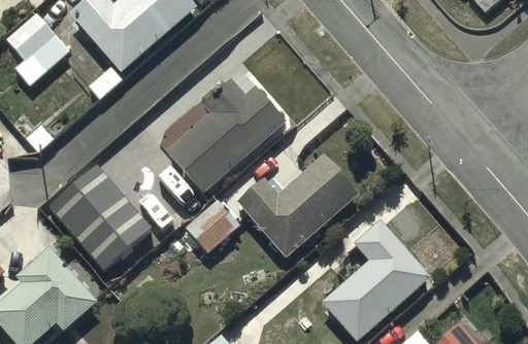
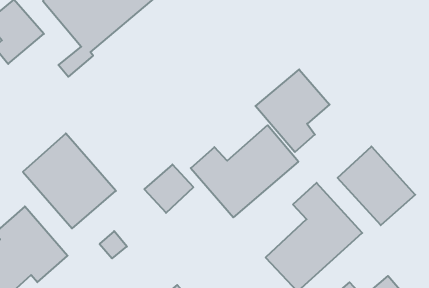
building: [165,69,286,194] -> none
building: none -> [255,69,330,152]
building: none -> [338,146,415,225]

